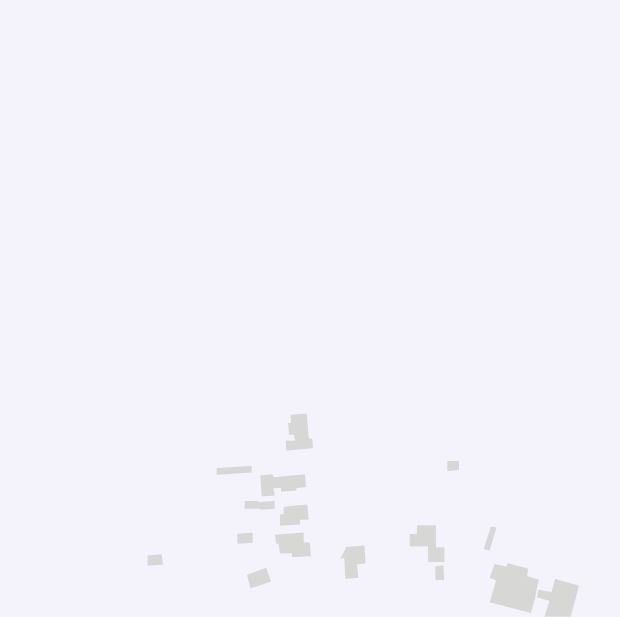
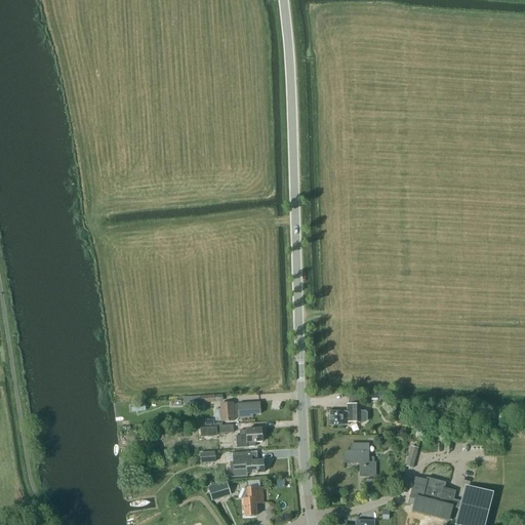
building: [285,413,314,452] -> none
building: none -> [329,404,367,425]
building: [340,545,366,579] -> [240,486,262,515]

